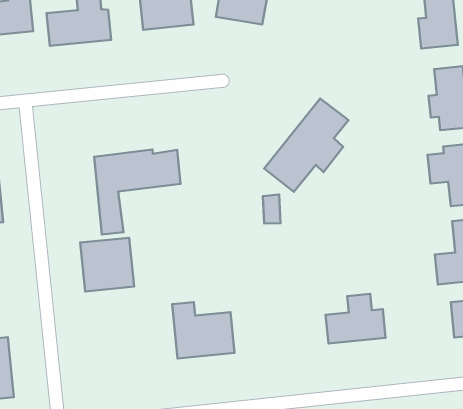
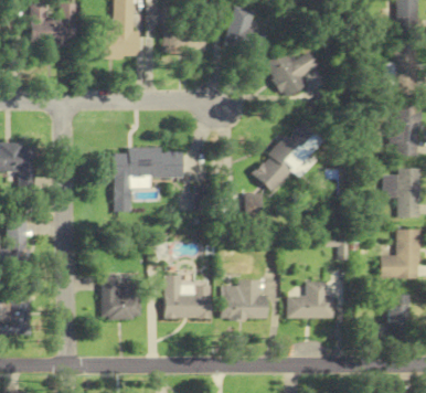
building: none -> [265,52,319,98]
building: [80,238,134,292] -> [102,278,141,318]
building: none -> [222,280,268,318]

